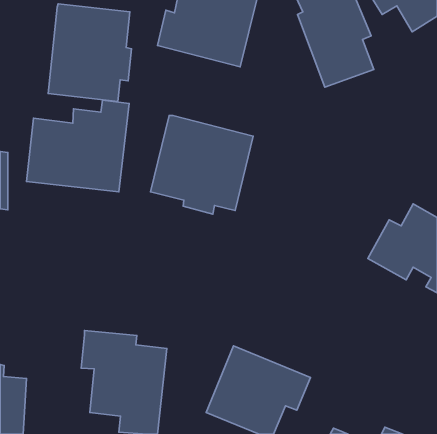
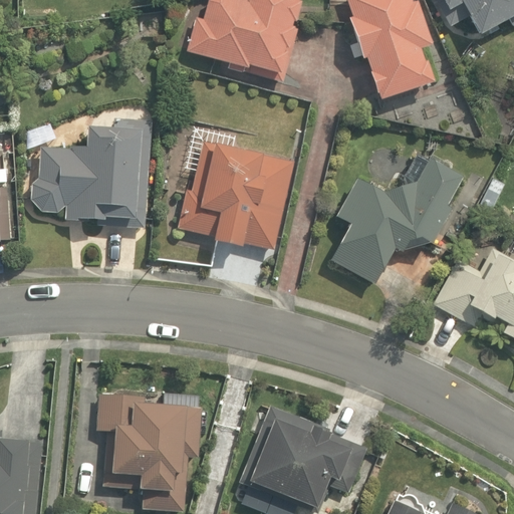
building: [48,4,131,102] -> none
building: none -> [333,157,461,289]

